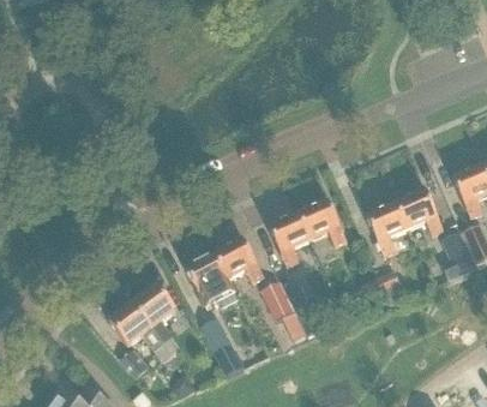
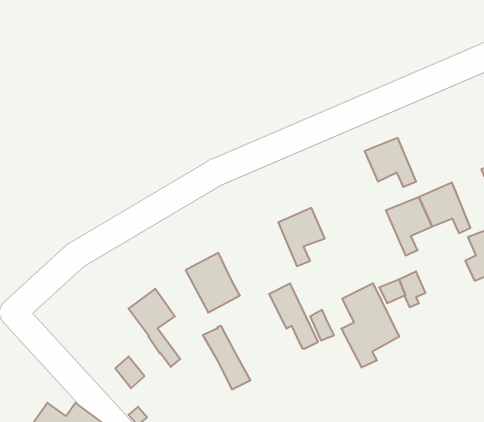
building: [299,199,345,244] -> [365,138,416,187]
building: [215,237,263,281] -> none
building: none -> [341,283,399,368]
building: [109,303,172,363] -> none

